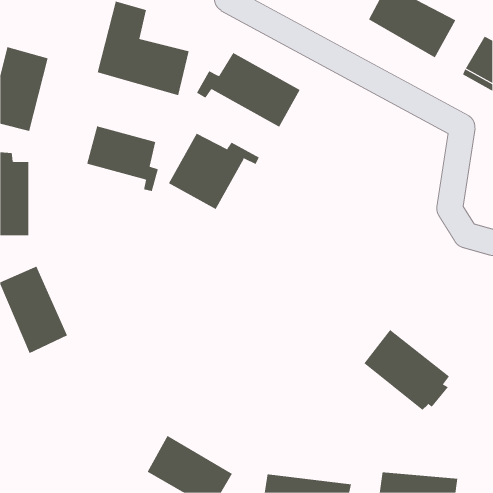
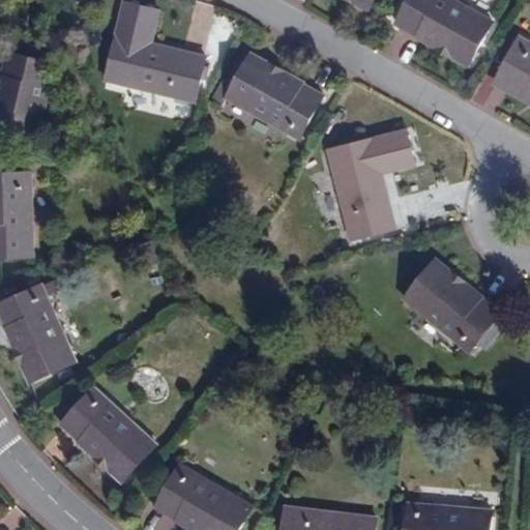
building: none -> [328,131,413,237]
building: [87,126,158,192] -> none
building: [168,133,259,210] -> none
building: [364,329,450,410] -> [406,261,498,348]
building: none -> [62,389,152,479]

